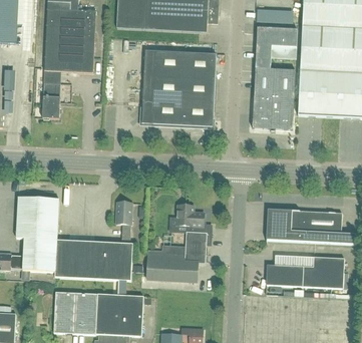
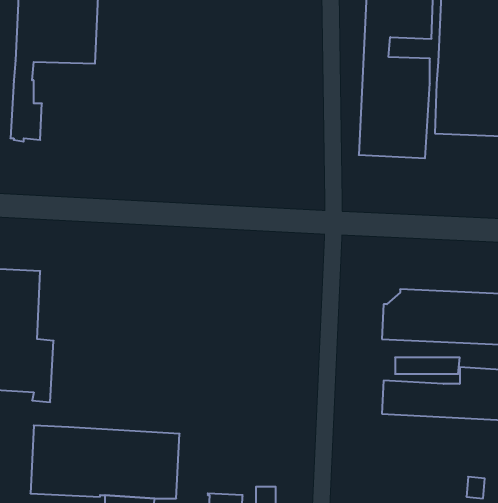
building: [141,49,216,125] -> none
building: [65,201,132,280] -> none
building: [146,204,210,281] -> none

